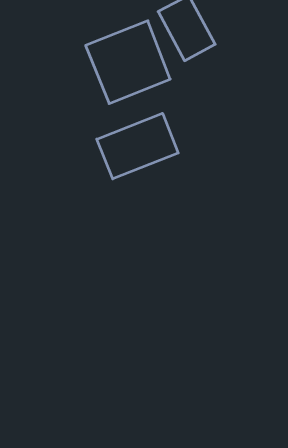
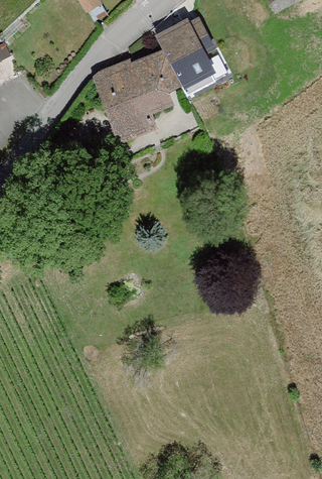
building: [97,113,178,179] -> none

